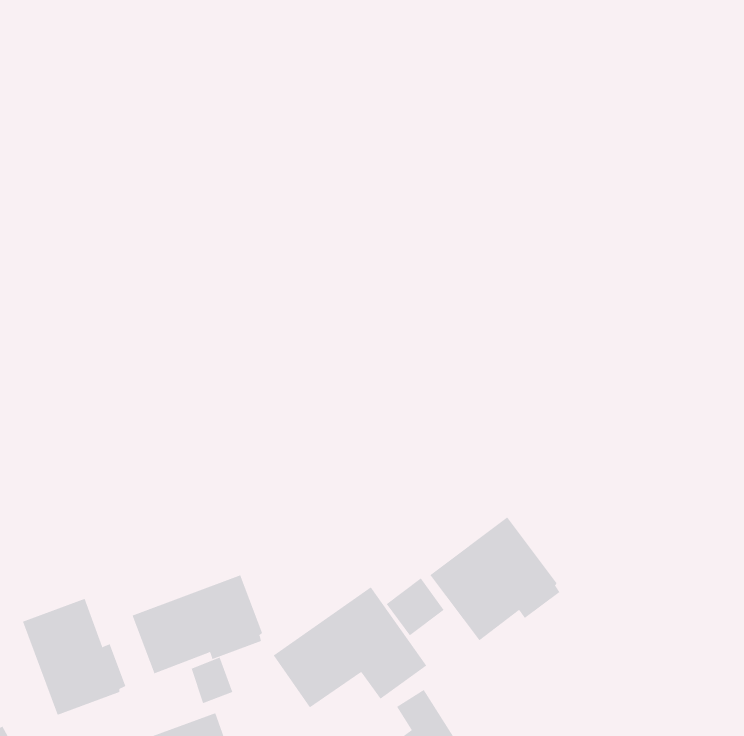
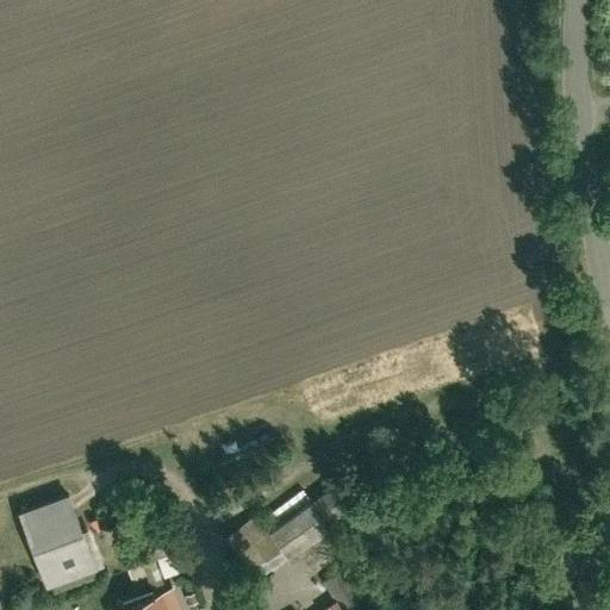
building: [429,517,560,641] -> none
building: [132,574,263,674] -> none

